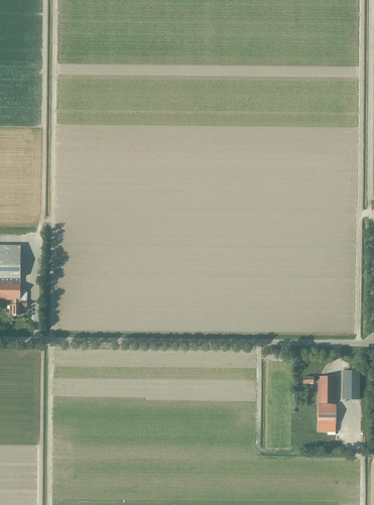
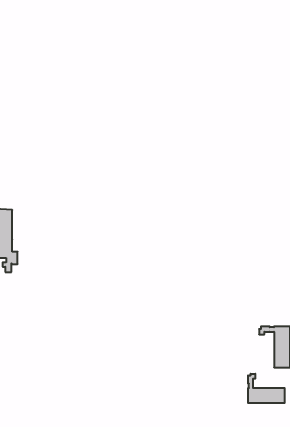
building: none -> [248,374,285,403]

